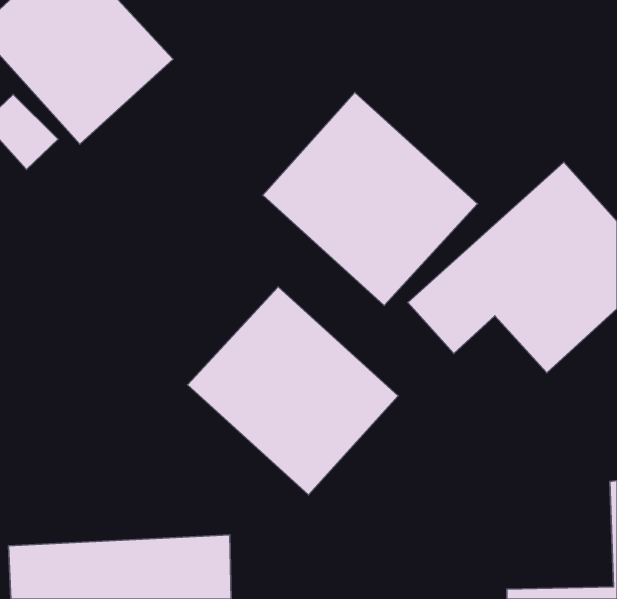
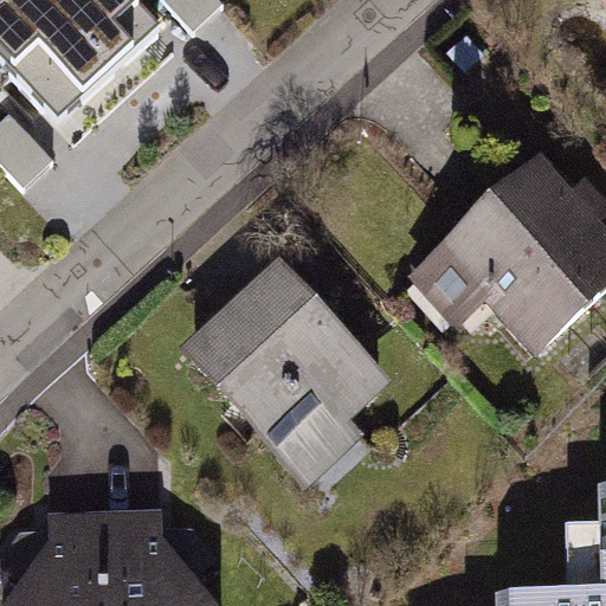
building: [263,92,477,306] -> none

